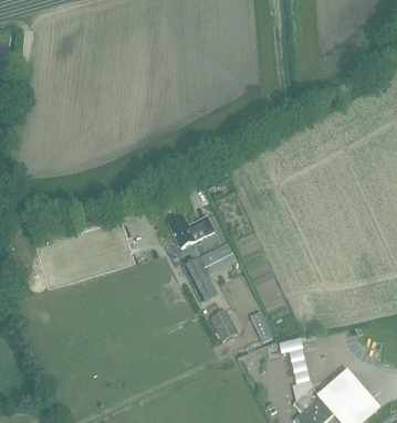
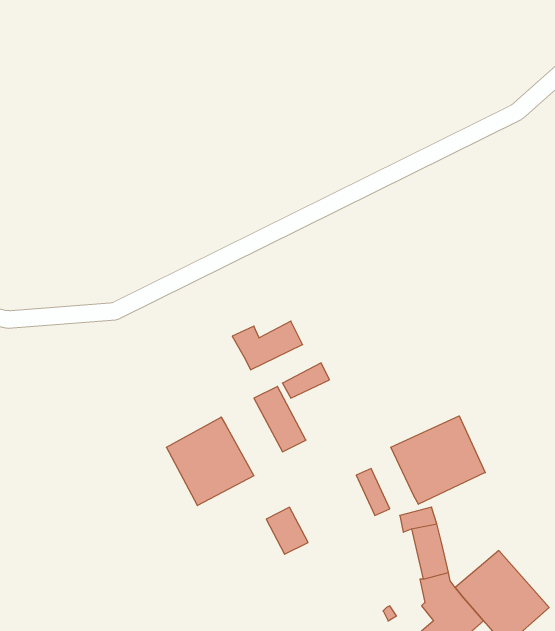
building: none -> [391,416,485,504]
building: none -> [166,417,254,506]
building: [210,309,238,340] -> [266,507,308,554]

